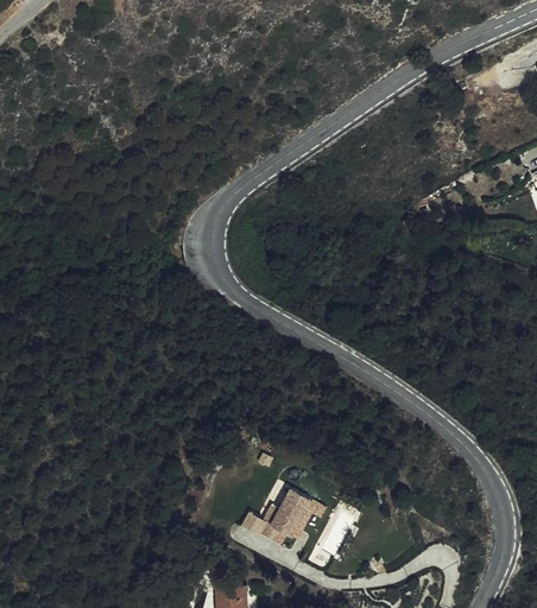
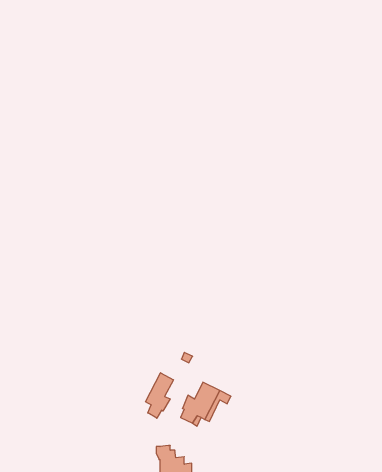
building: none -> [146,373,173,418]

